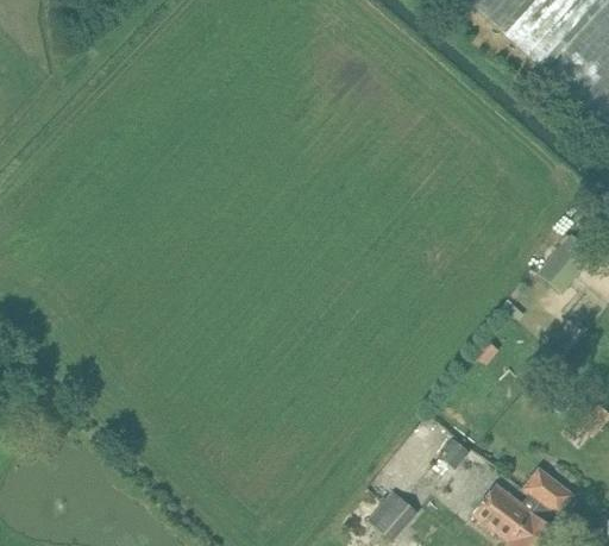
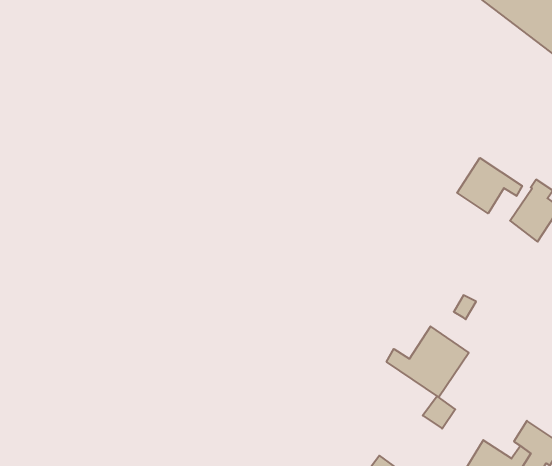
building: none -> [457,158,522,213]
building: none -> [387,326,469,397]

